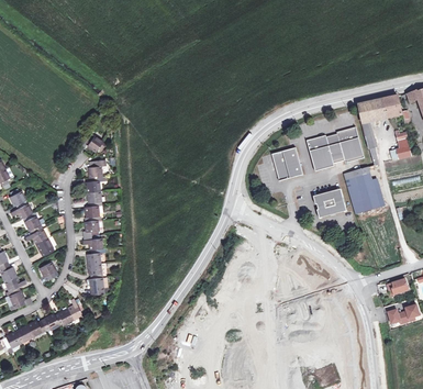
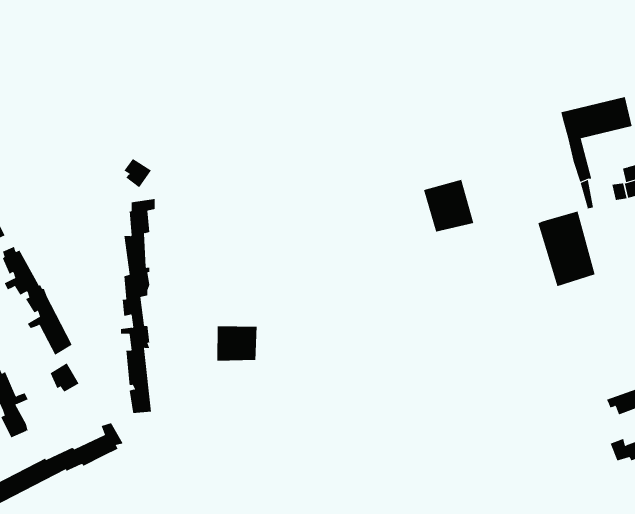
building: [307,126,364,170] -> none
building: [312,188,346,218] -> none
building: none -> [217,326,257,361]

